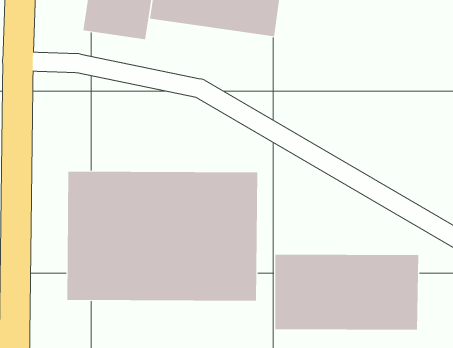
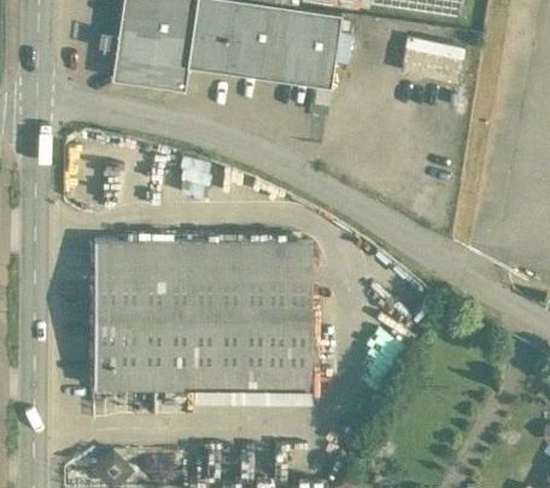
building: [275,254,419,330] -> none

